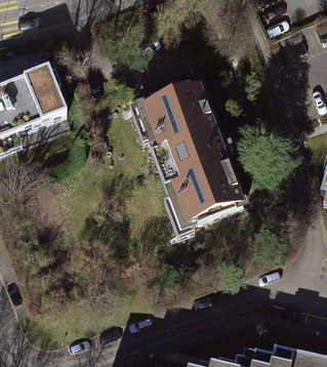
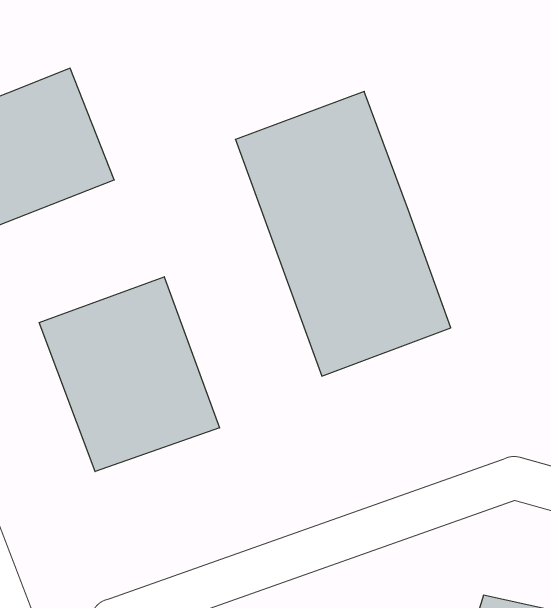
building: none -> [39,277,220,472]

